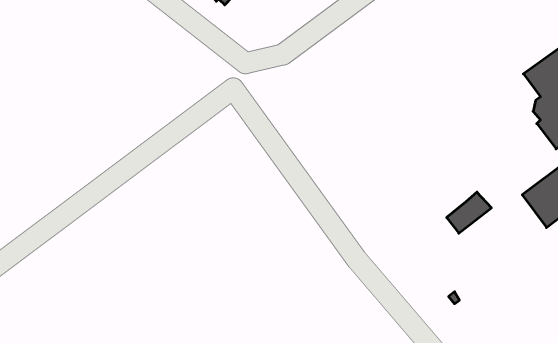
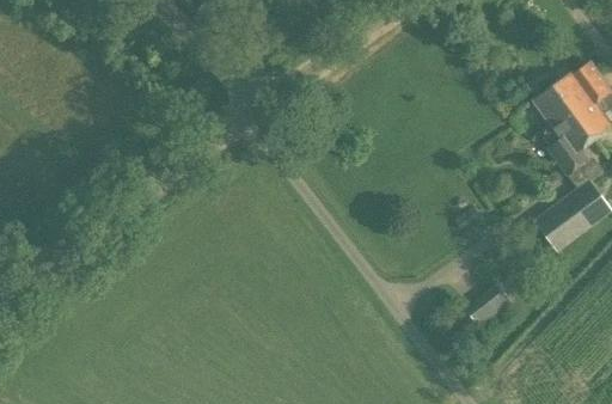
building: [447,192,491,233] -> [467,287,512,328]

